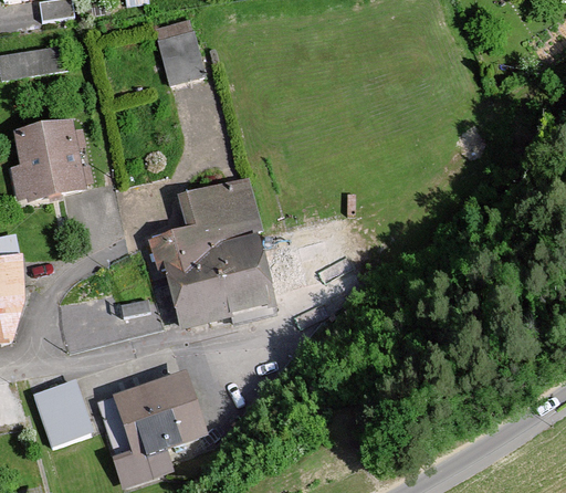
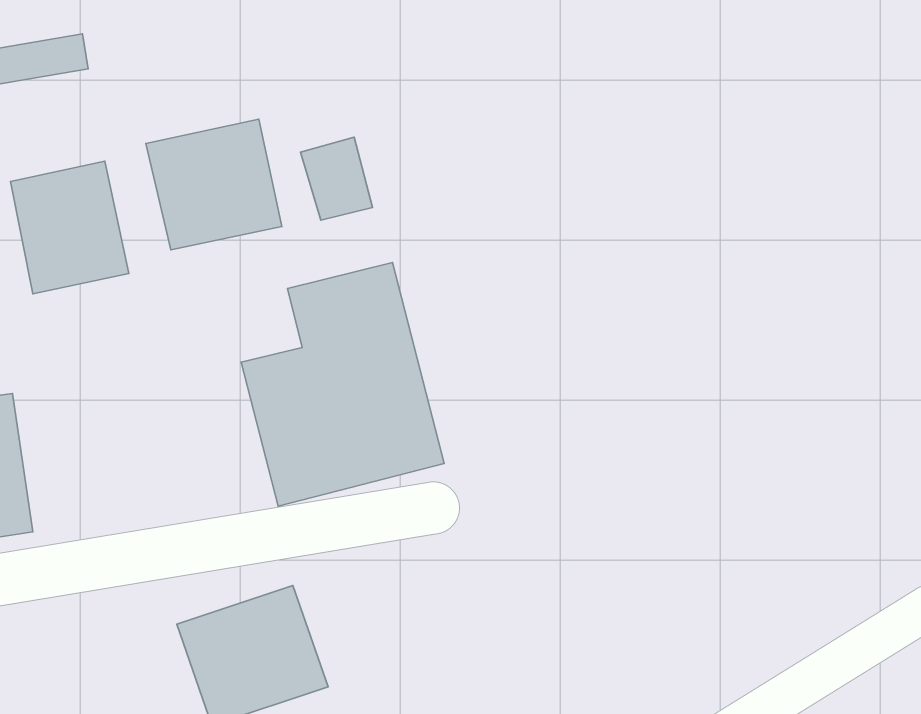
building: [159,31,202,81] -> [301,137,373,220]
building: none -> [146,119,282,250]
building: [34,373,96,441] -> none

